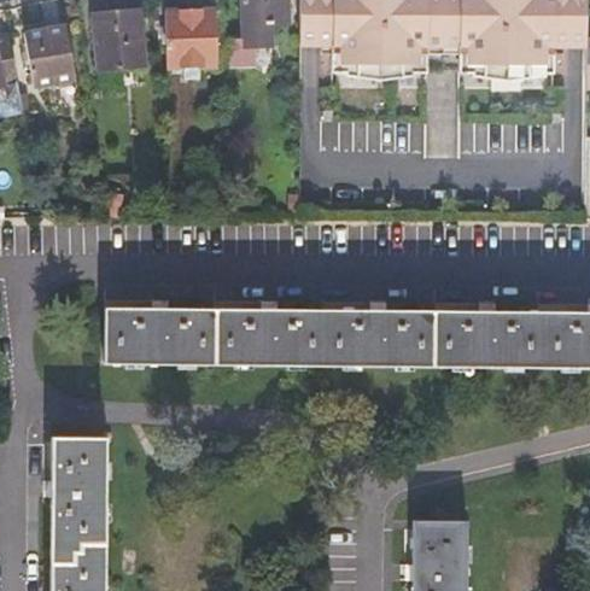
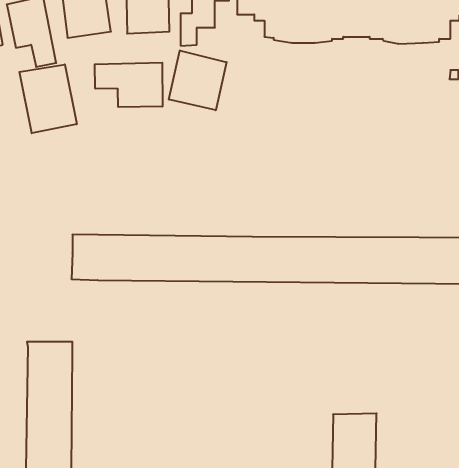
building: none -> [169,50,227,110]
building: none -> [95,63,162,107]
building: none -> [19,64,77,133]

